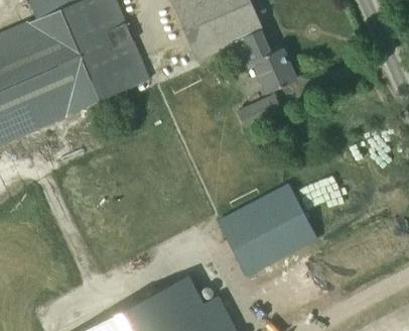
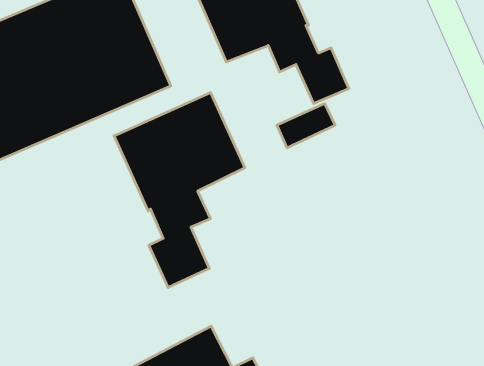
building: none -> [114,93,245,288]
building: [218,183,318,277] -> none

